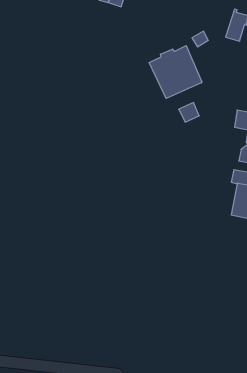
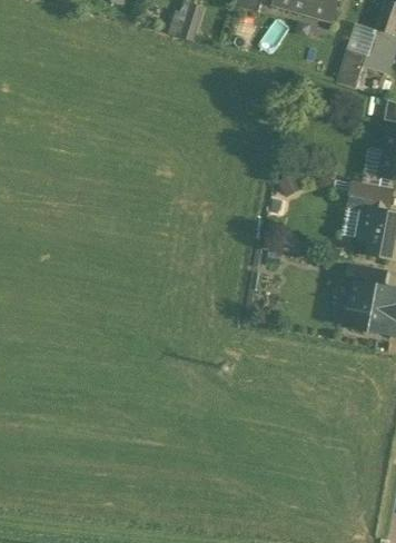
building: [149,46,202,98] -> none

